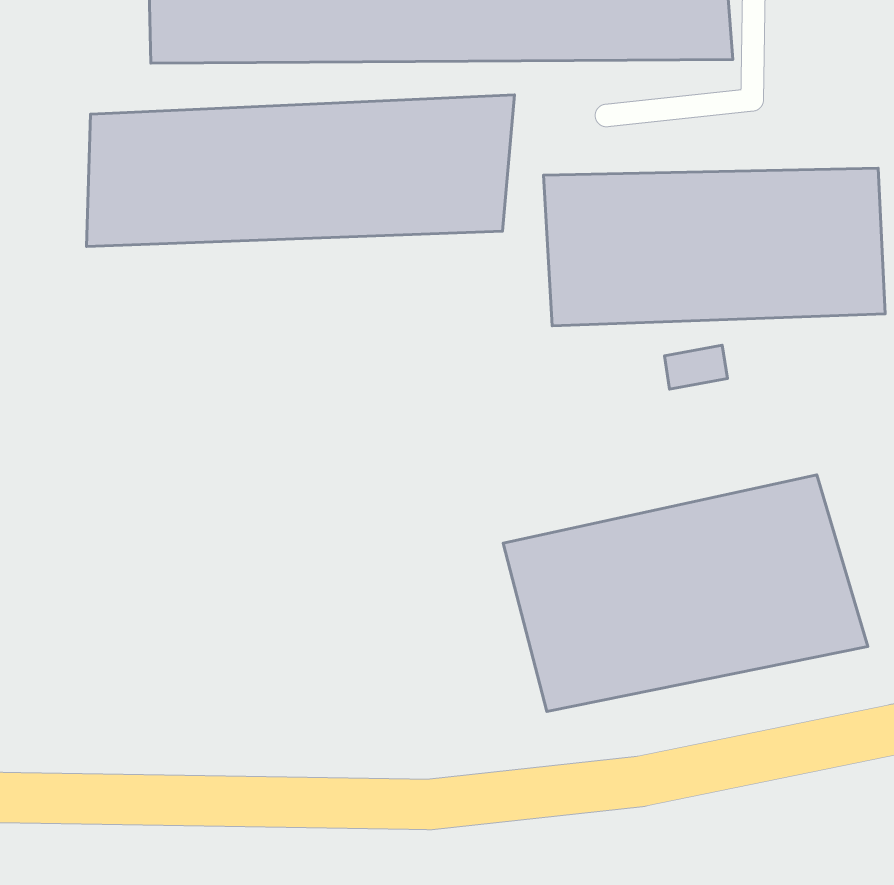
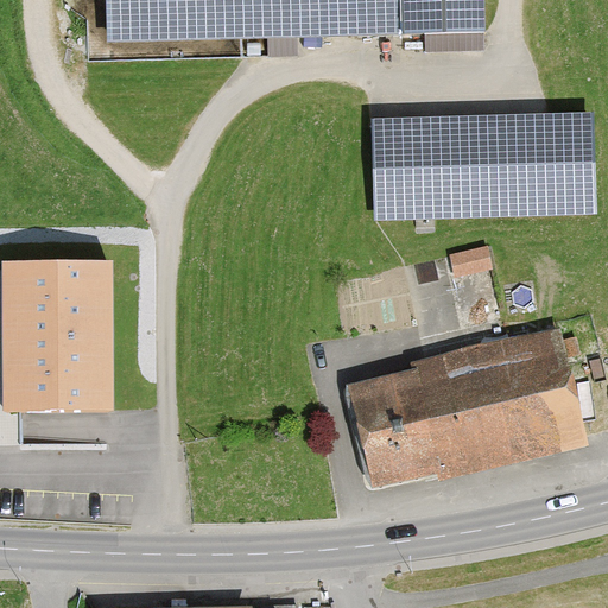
building: [86,95,515,246] -> none
building: none -> [10,272,107,407]

